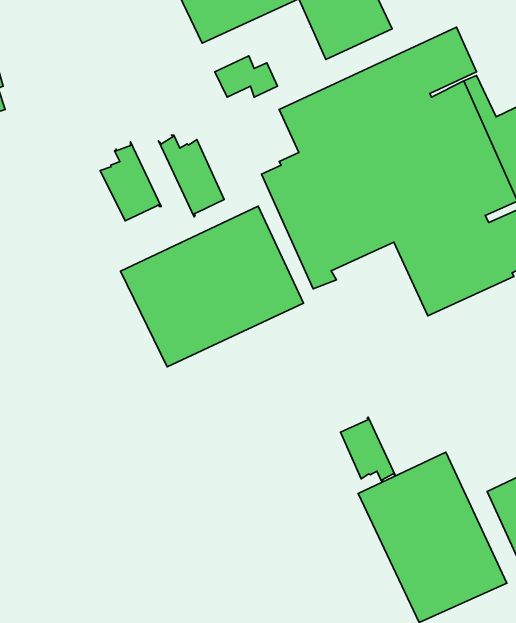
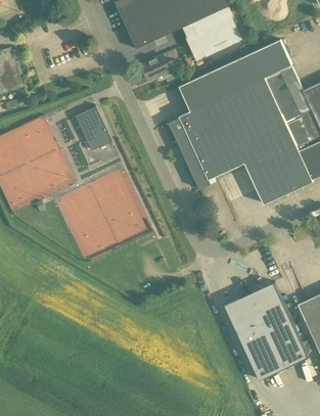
building: [159,135,224,217] -> none
building: [120,206,304,367] -> none
building: [341,417,395,481] -> none

